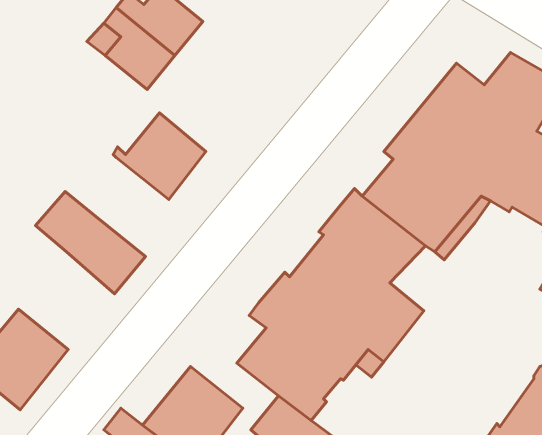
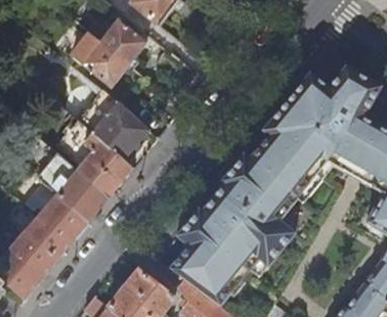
building: none -> [76,131,133,196]
building: none -> [25,193,88,258]

